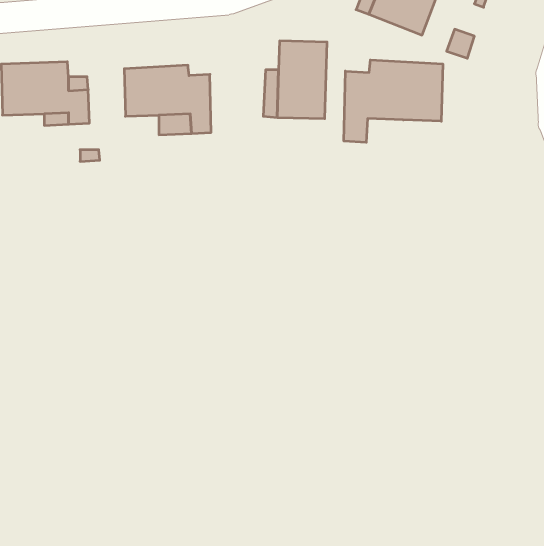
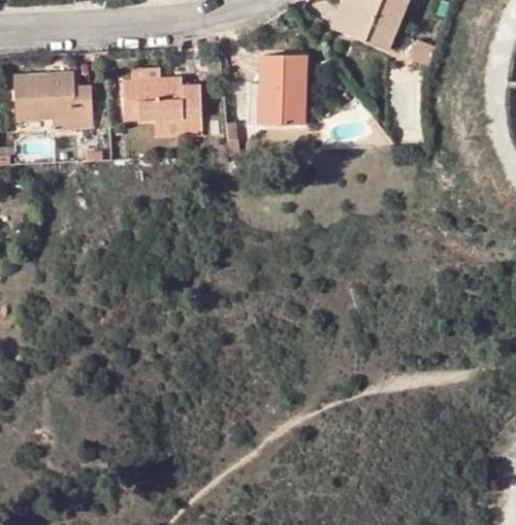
building: [344,60,443,142] -> none

